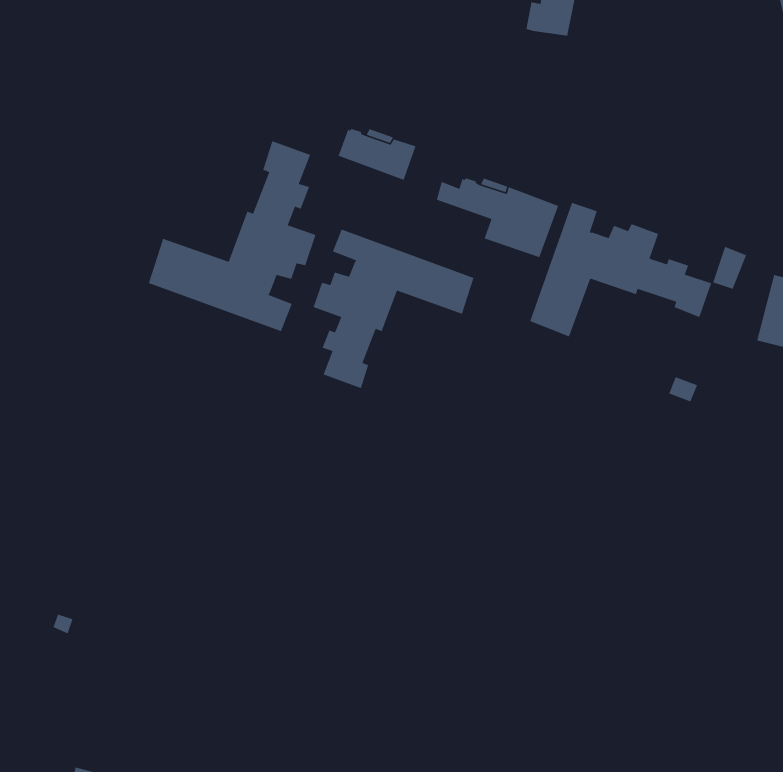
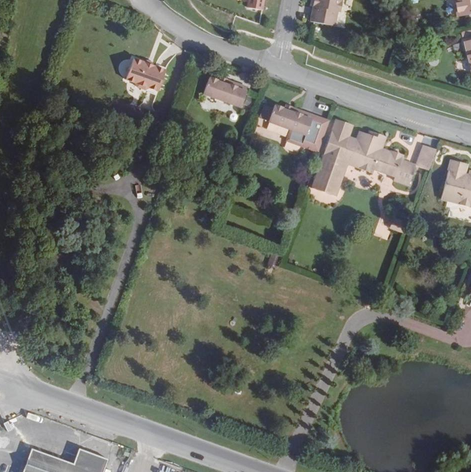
building: none -> [125,58,166,91]
building: [148,140,316,332] -> none
building: [313,228,474,389] -> none

